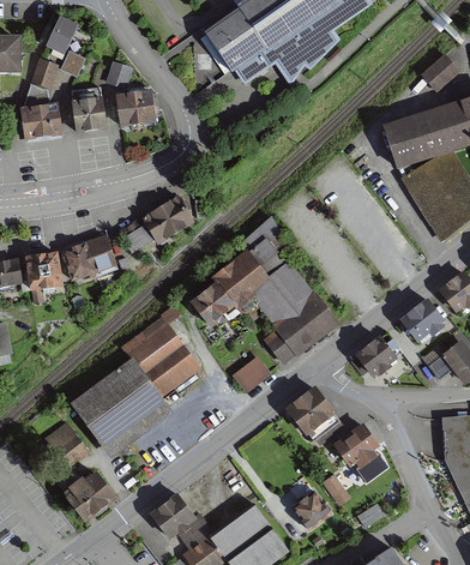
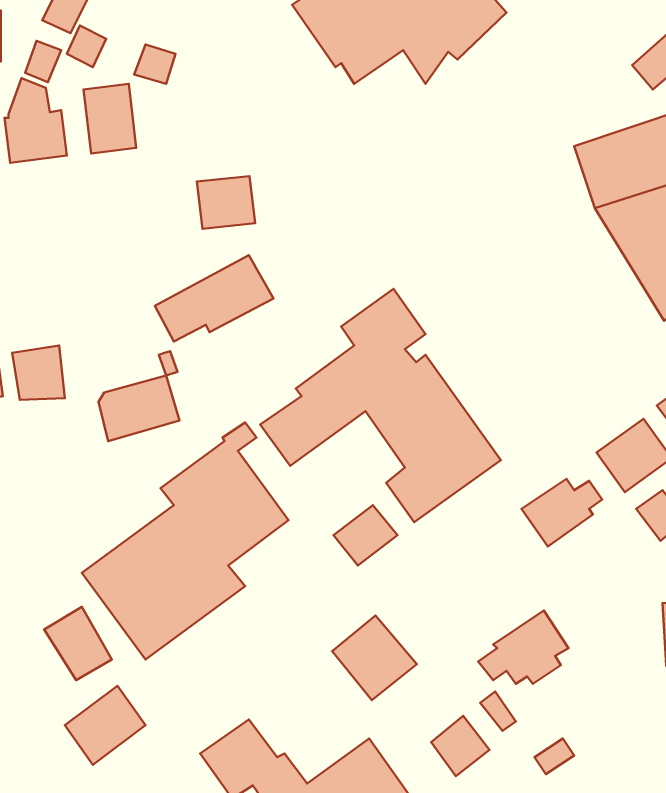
building: [118,92,155,126] -> [197,176,255,229]
building: [62,238,114,280] -> [99,375,179,441]
building: [285,387,339,441] -> [332,615,417,700]

